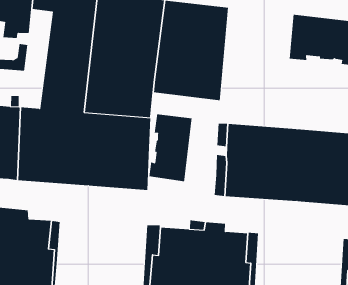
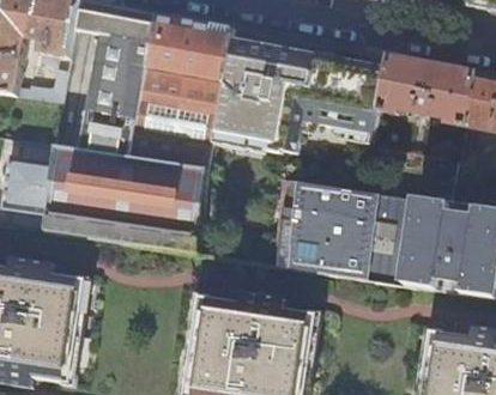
building: none -> [290,43,383,154]
building: [149,114,192,182] -> none

